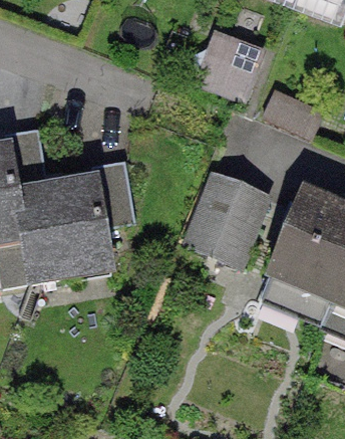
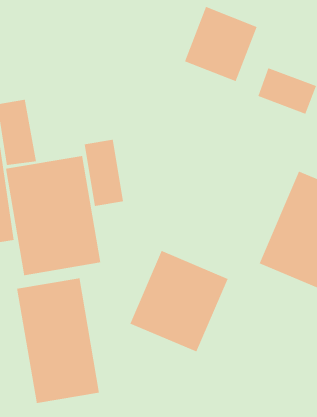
building: [178,170,275,270] -> [129,250,228,352]
building: none -> [17,277,100,404]

